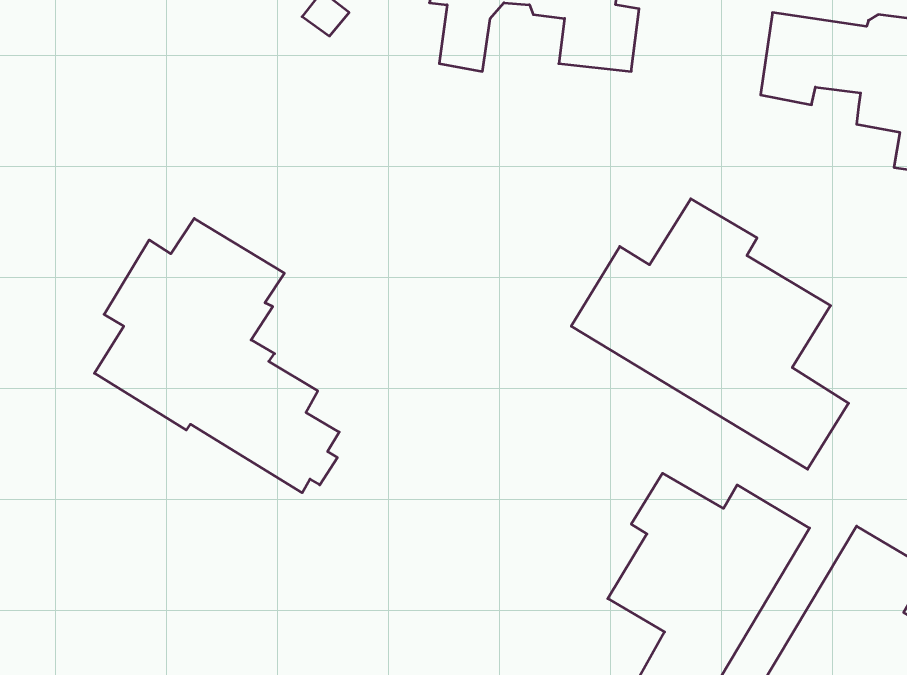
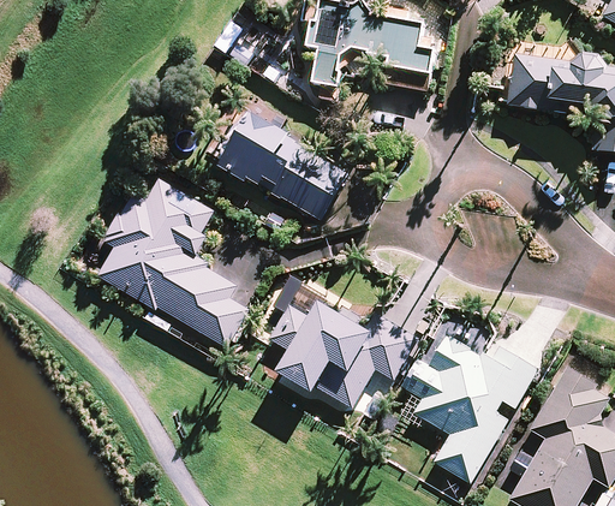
building: none -> [217,112,347,219]
building: [571,199,849,469] -> none
building: none -> [270,302,419,406]

